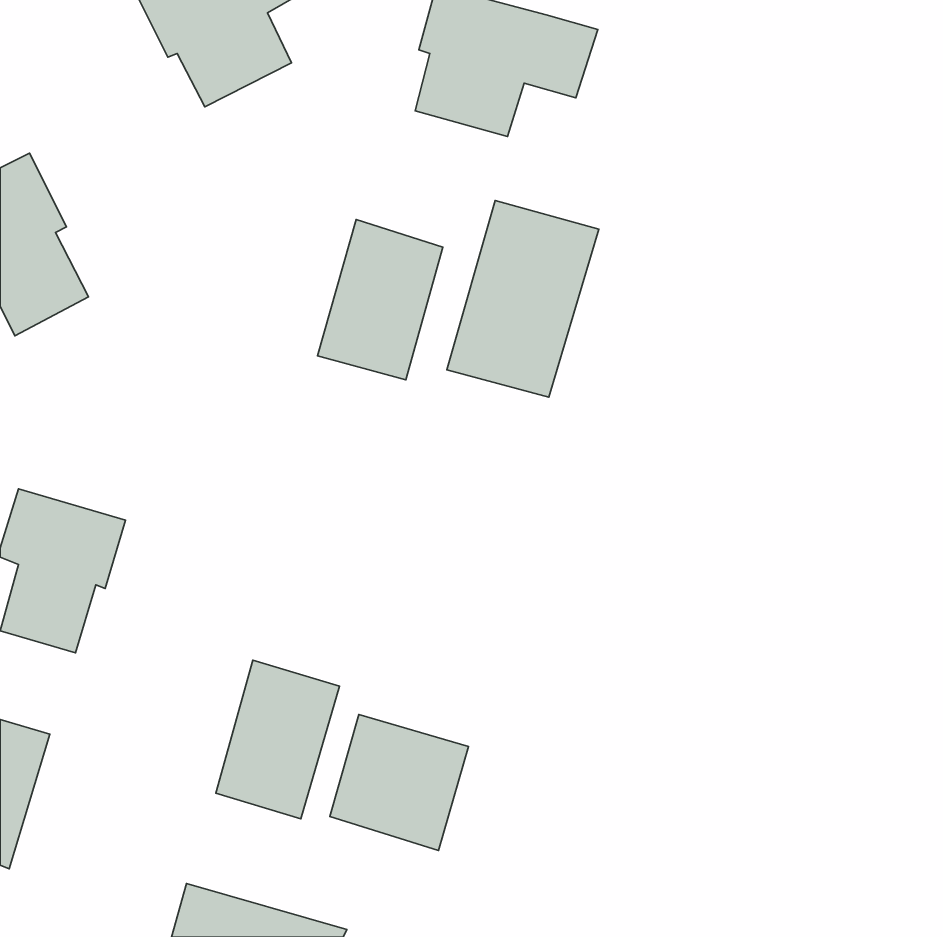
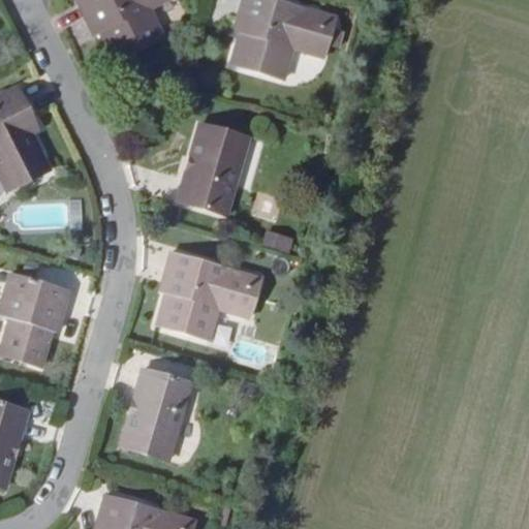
building: [447,200,599,397] -> none
building: none -> [157,252,260,338]
building: [330,714,468,850] -> none

